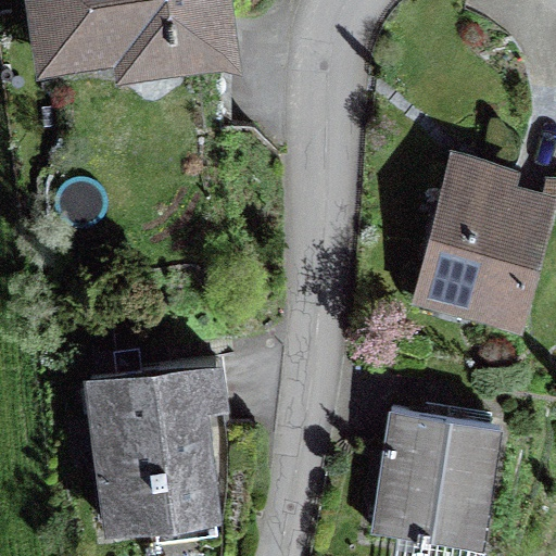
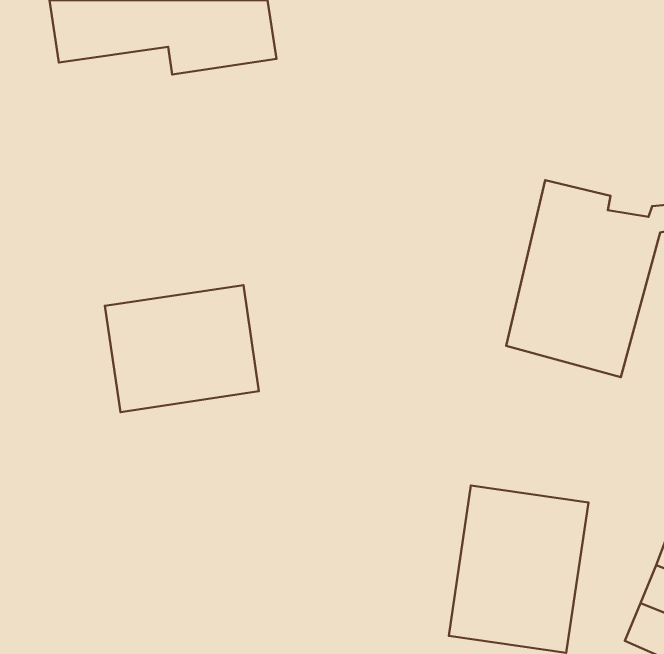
building: none -> [105,285,259,412]
building: [89,359,232,539] -> none

